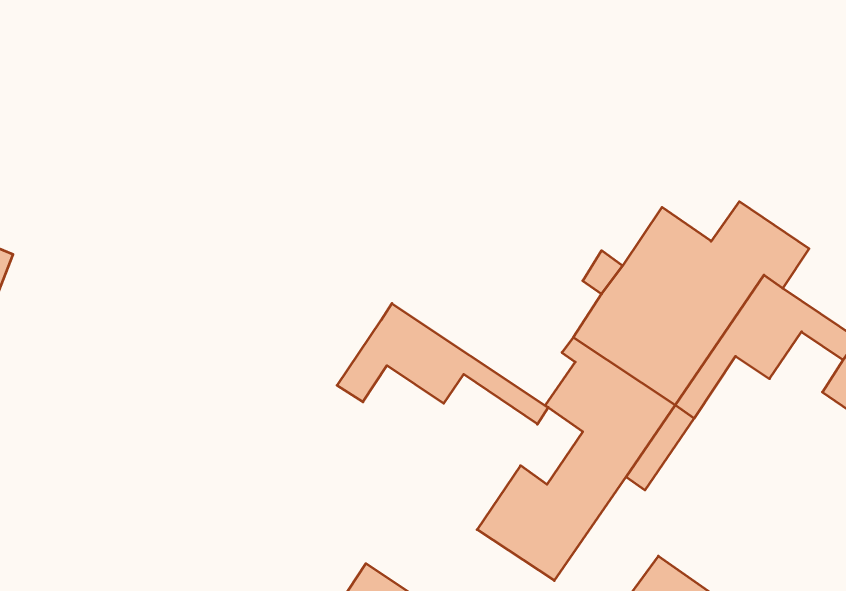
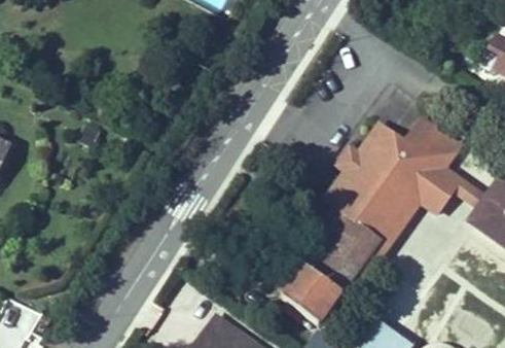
building: [337,303,548,424] -> none

